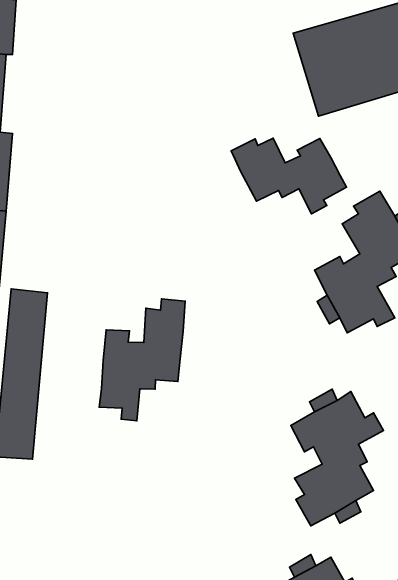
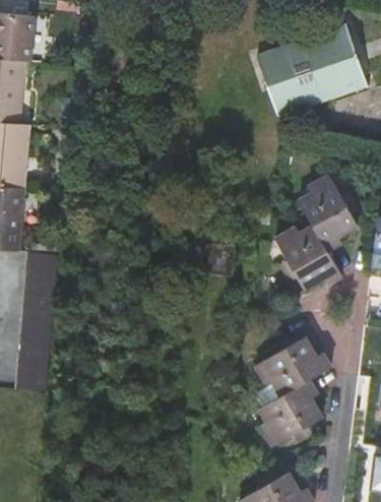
building: [231,138,347,214] -> none
building: [99,299,185,421] -> none

